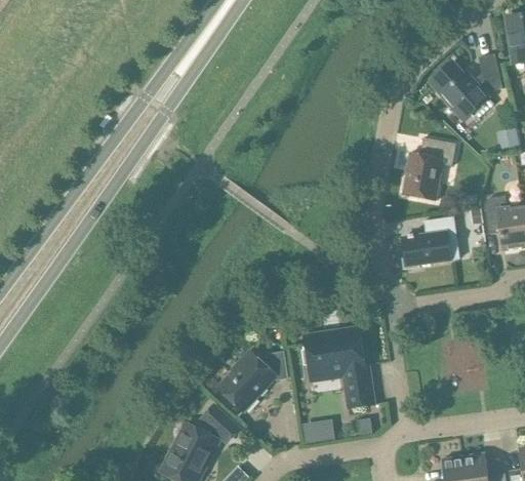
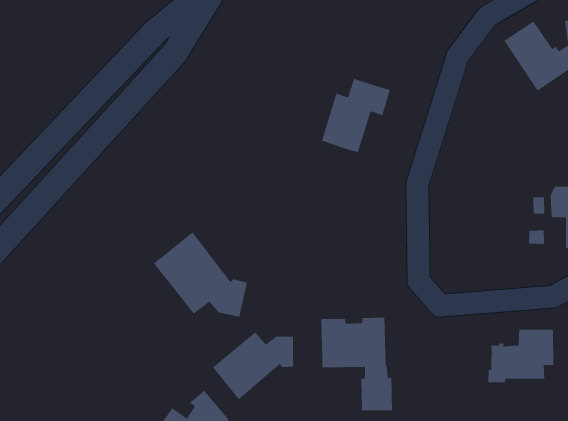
building: [402,137,455,200] -> [321,78,391,153]
building: [402,216,457,269] -> [488,329,554,383]
building: none -> [153,231,248,317]

